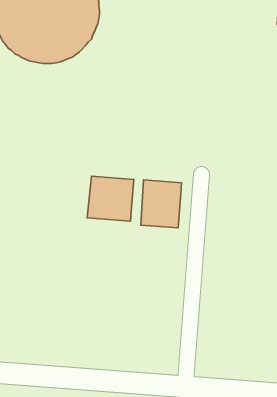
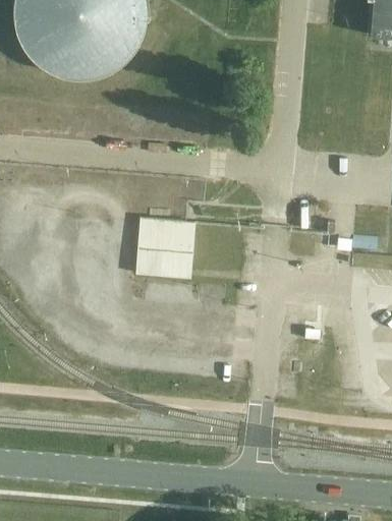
building: [141,180,181,228] -> none

